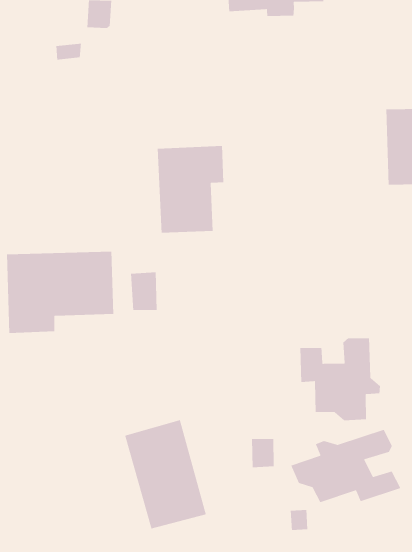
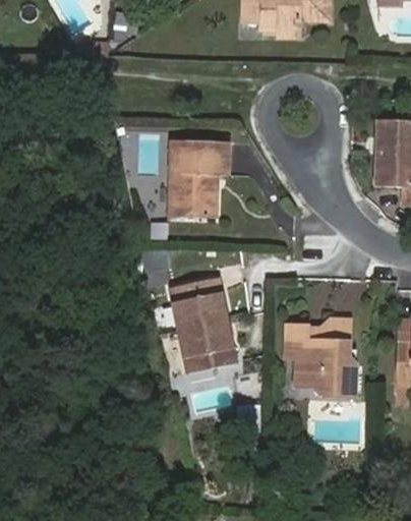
building: [6,251,114,334] -> none
building: [124,419,207,530] -> [169,276,238,372]
building: [290,429,401,503] -> none

